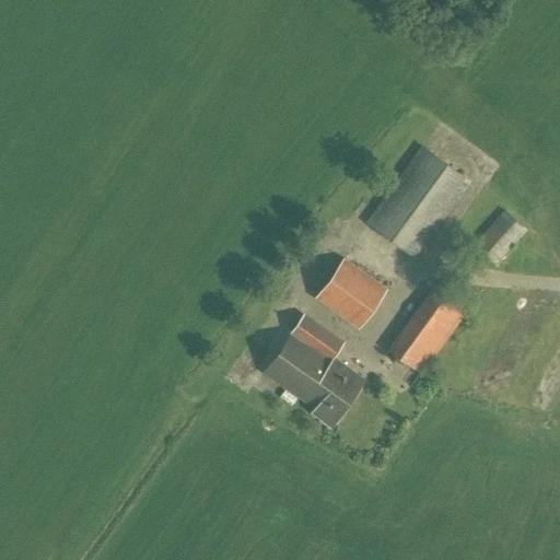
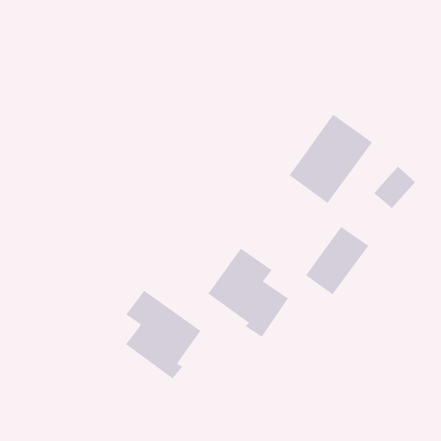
building: [315,258,387,328] -> none
building: none -> [125,290,201,379]

